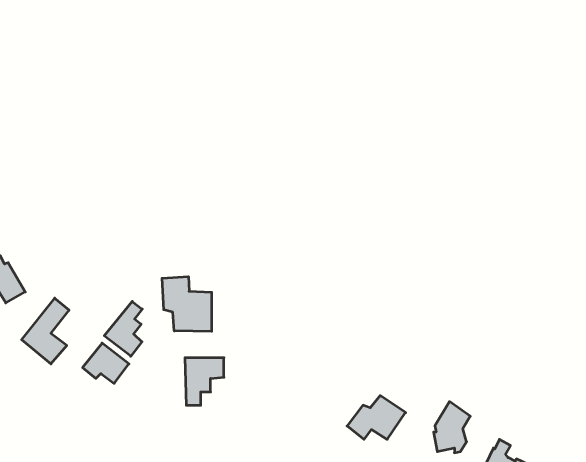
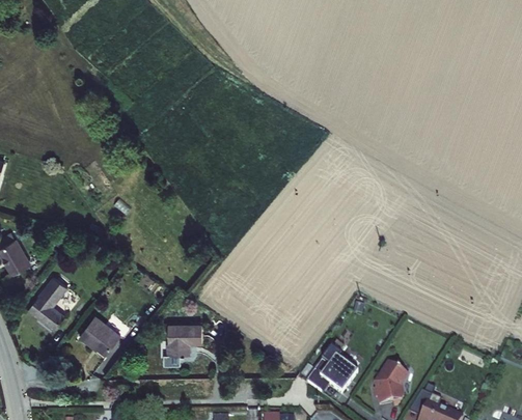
building: [162,277,212,331] -> none
building: [104,301,142,356] -> none

